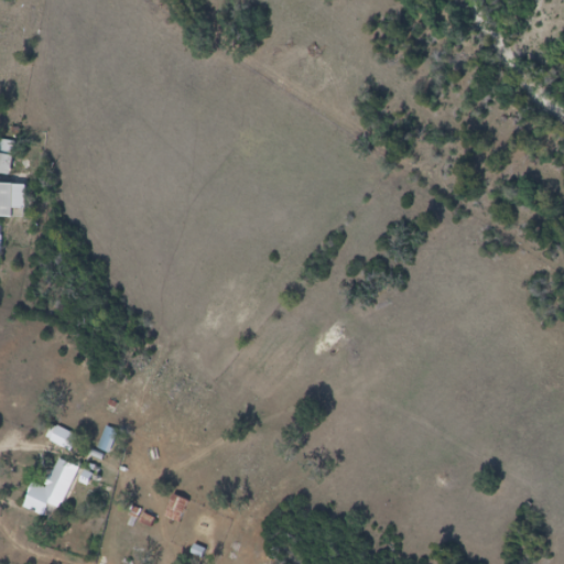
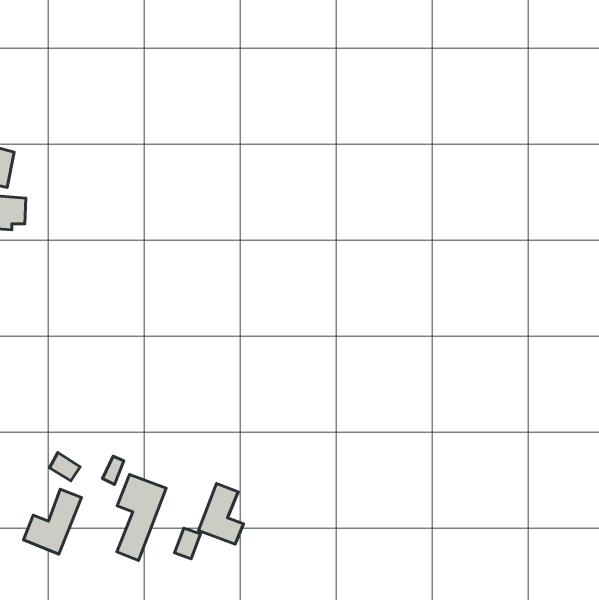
building: none -> [117,475,166,560]
building: none -> [199,483,243,544]

